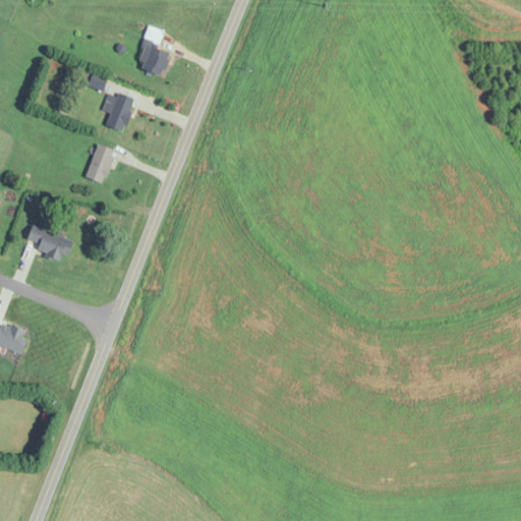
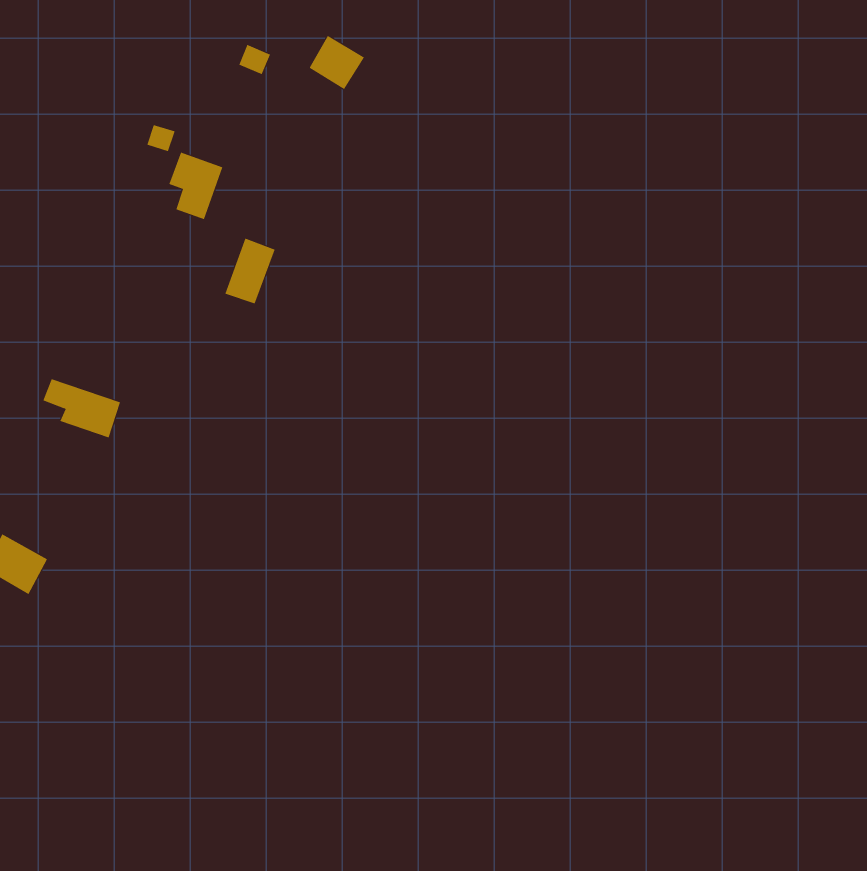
building: [137,44,171,76] -> [309,35,365,90]
building: [84,143,115,183] -> [224,238,276,304]

